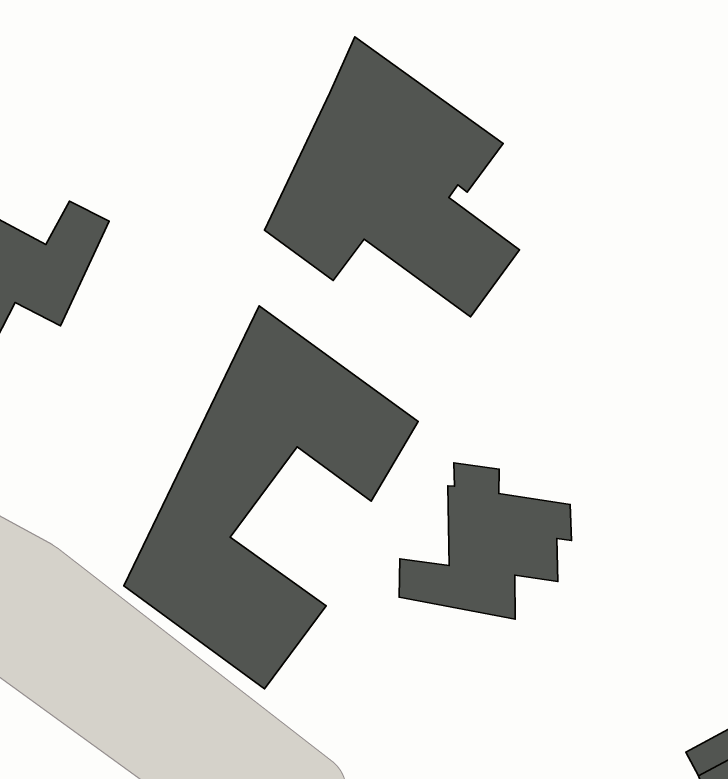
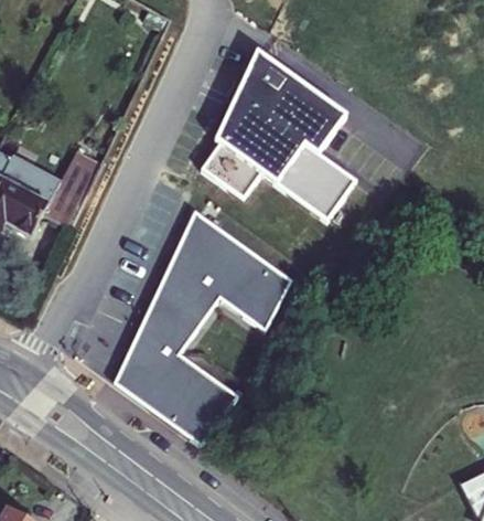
building: [399,463,571,619] -> none

